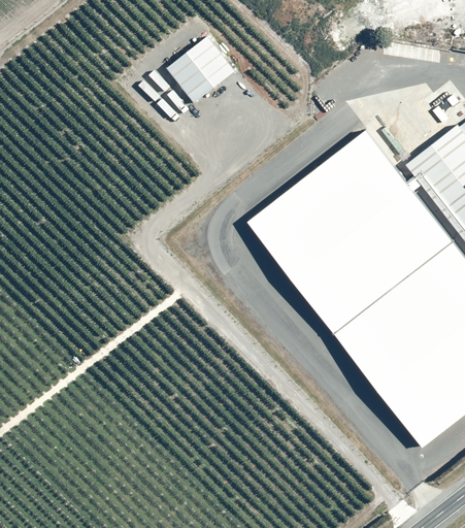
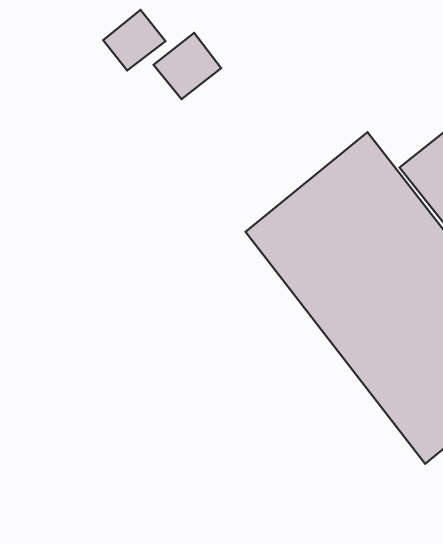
building: none -> [103,10,165,70]

